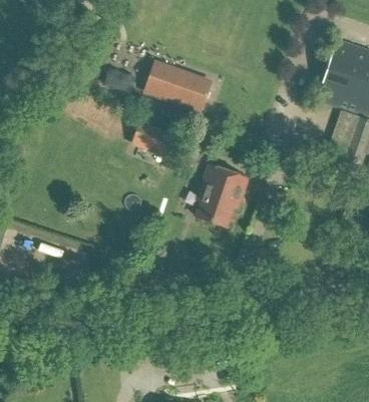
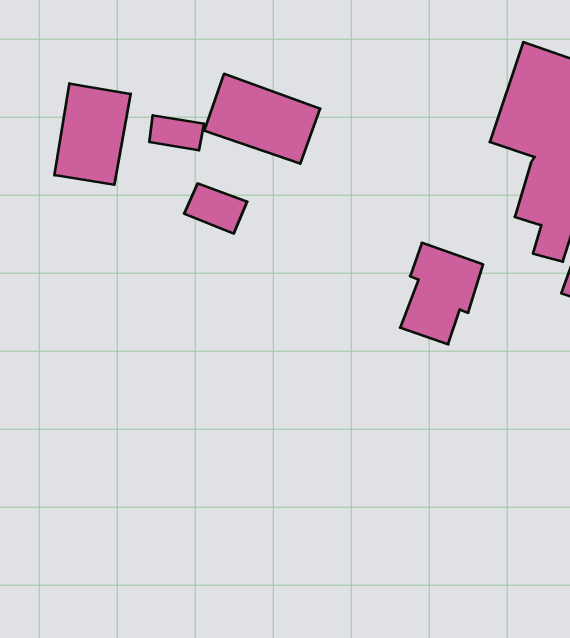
building: none -> [55,83,131,185]
building: [198,164,248,226] -> [400,243,483,344]

